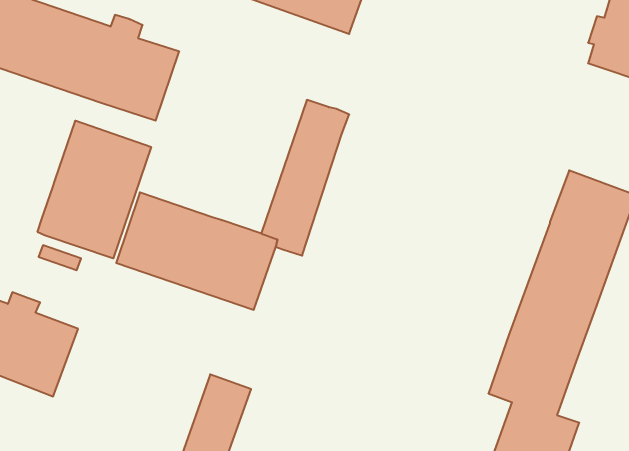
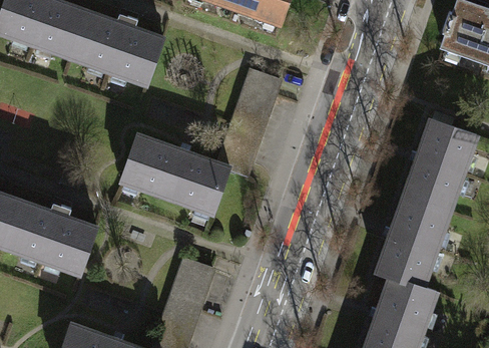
building: [38,121,151,258] -> none

